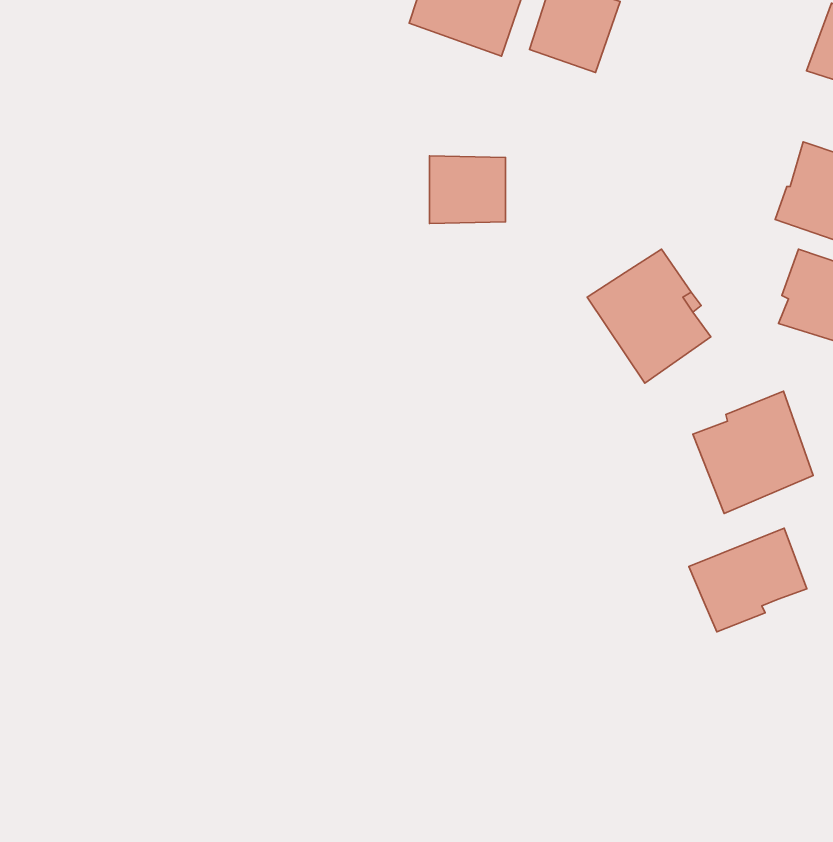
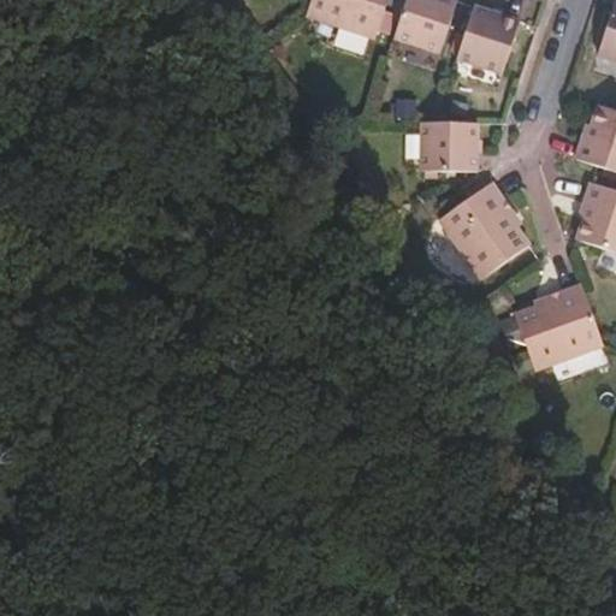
building: none -> [456,5,525,75]
building: [430,156,505,223] -> [424,120,479,170]
building: [689,528,807,632] -> none

